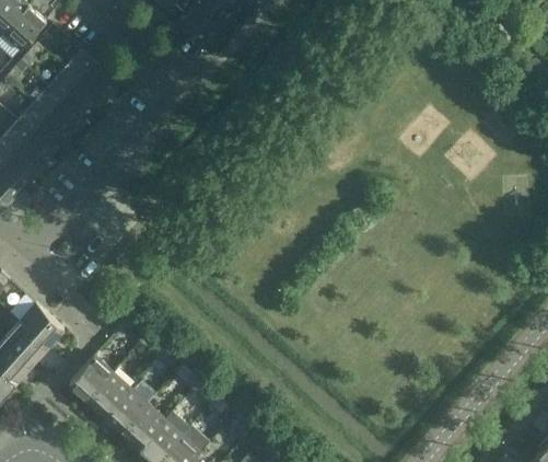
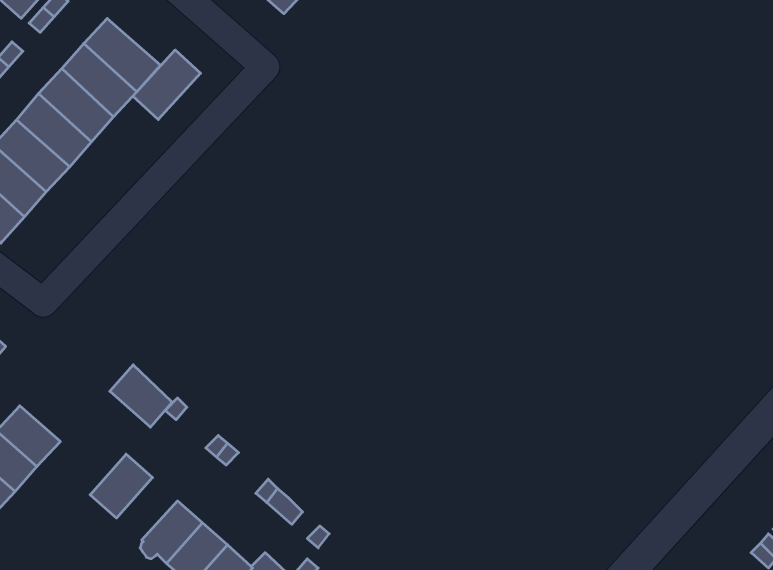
building: none -> [133,50,201,120]
building: [15,299,59,343] -> [110,365,172,427]
building: [83,368,126,412] -> none

